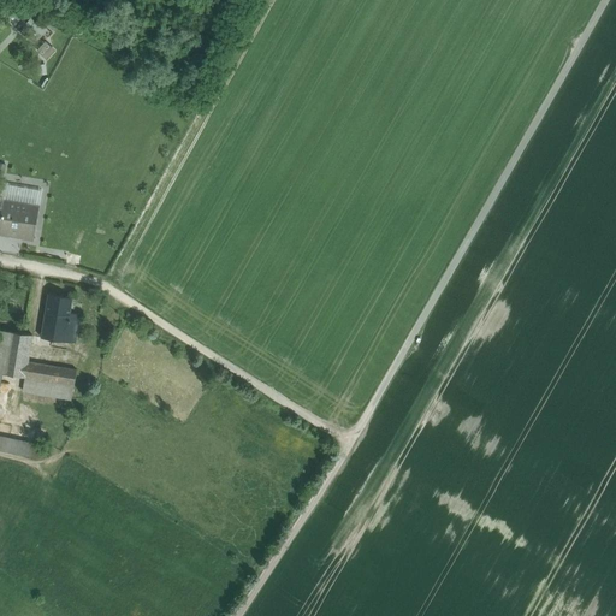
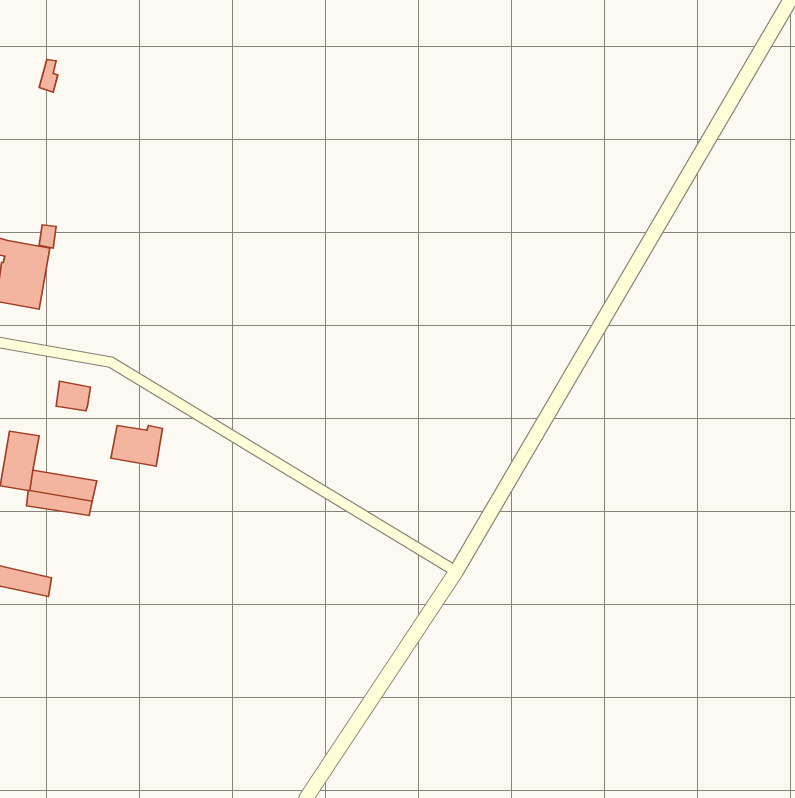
building: [38,313,78,344] -> [111,425,163,466]

